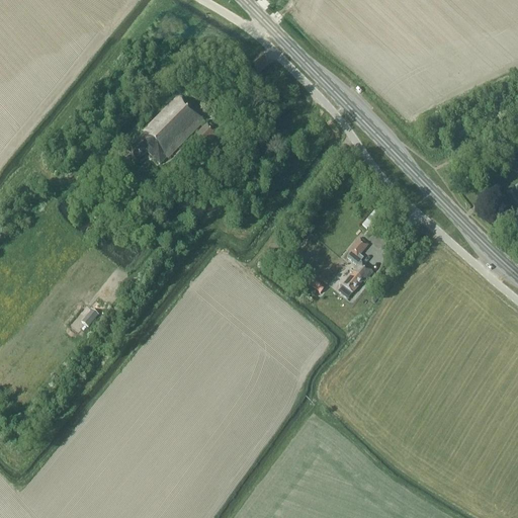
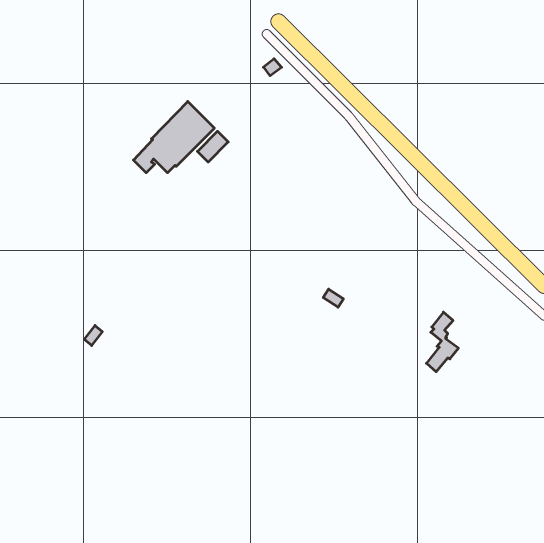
building: [341,237,371,293] -> [426,312,458,372]

